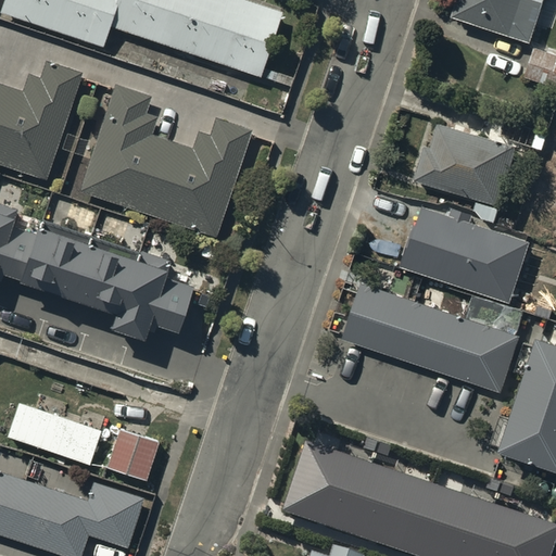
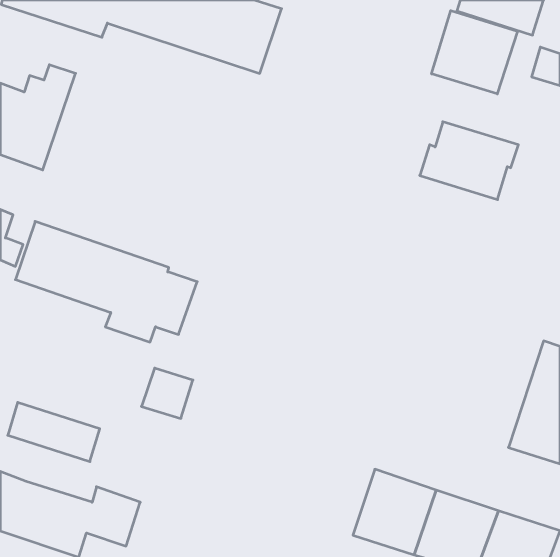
building: none -> [432,11,517,94]
building: [86,90,243,229] -> none
building: [404,207,528,299] -> none
building: [345,285,517,388] -> none
building: [105,431,156,481] -> [141,368,193,418]
building: [285,446,371,533] -> none

